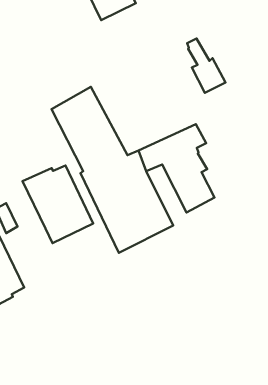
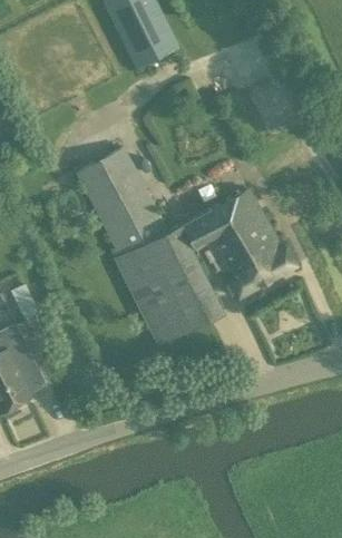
building: [187,38,226,93] -> [251,213,296,277]
building: [23,166,93,243] -> none

